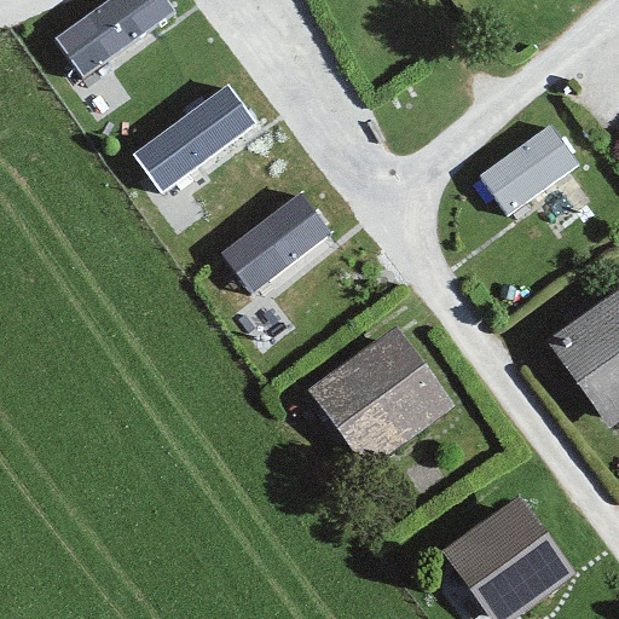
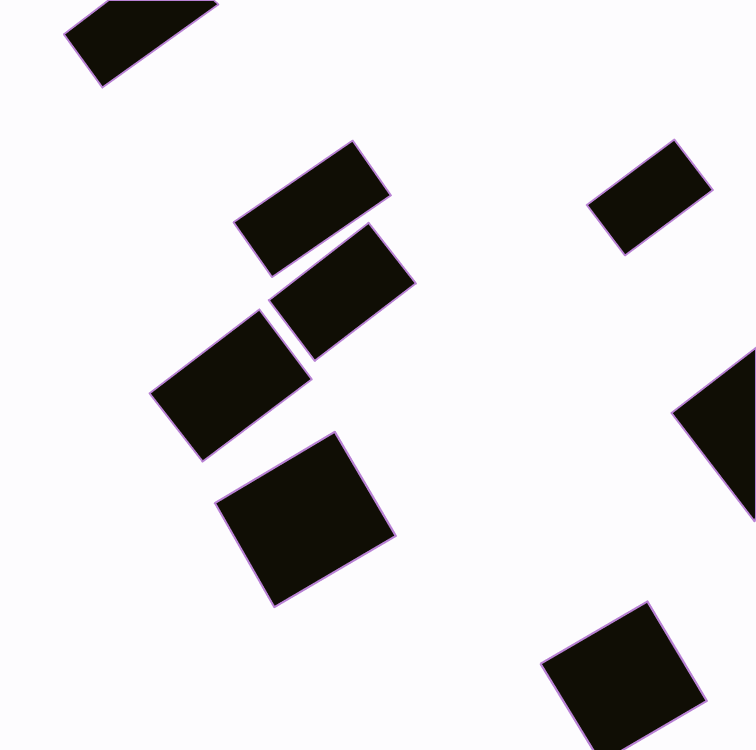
building: [131,82,259,193] -> [234,141,391,277]
building: none -> [150,309,312,462]
building: [308,323,456,465] -> [215,432,396,607]

